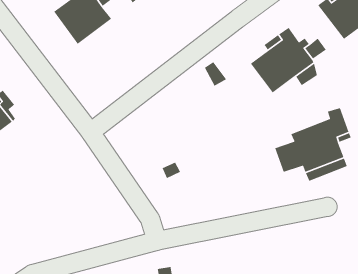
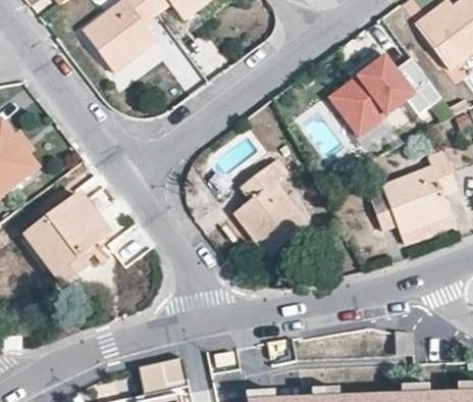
building: none -> [232,158,306,253]
building: none -> [27,194,108,284]

